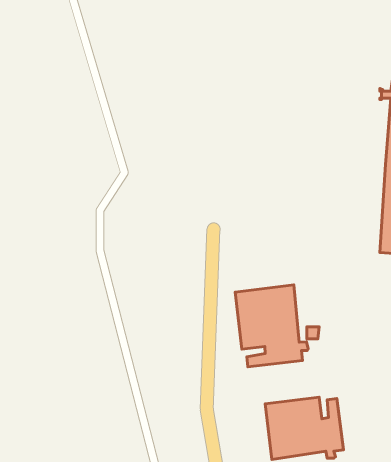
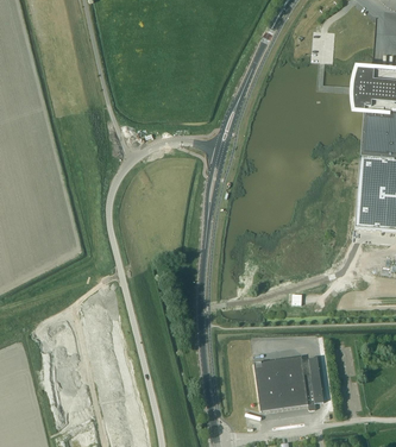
building: [235,285,308,367] -> none

